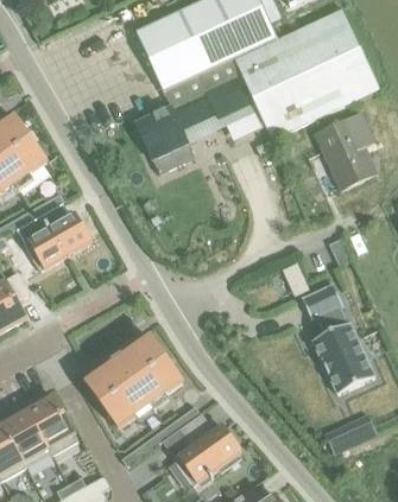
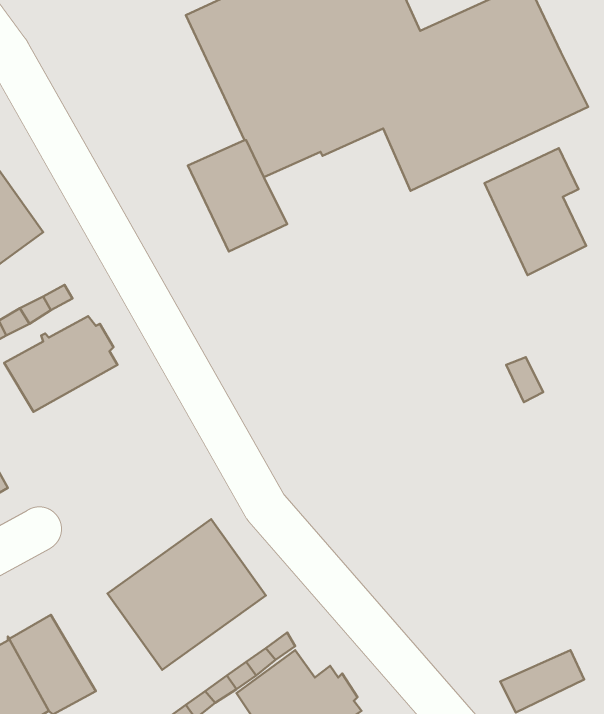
building: [302,284,374,393] -> none

